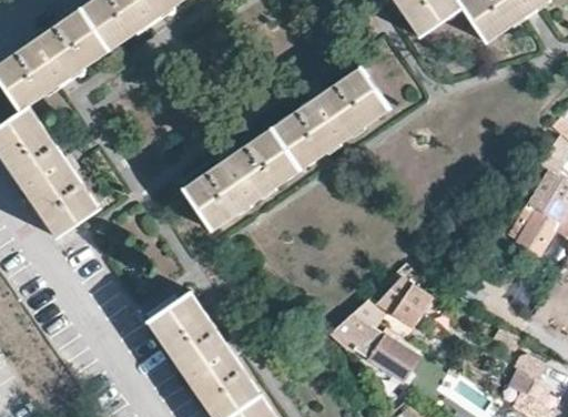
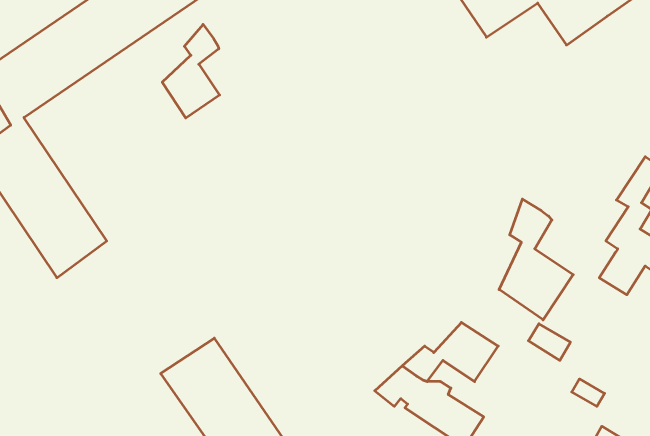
building: none -> [162,24,220,118]
building: [182,65,389,231] -> none
building: none -> [499,199,573,320]

